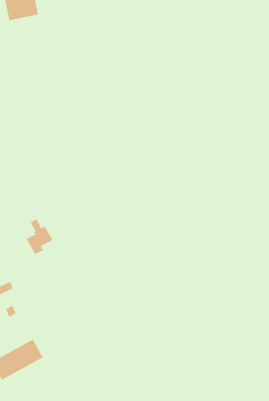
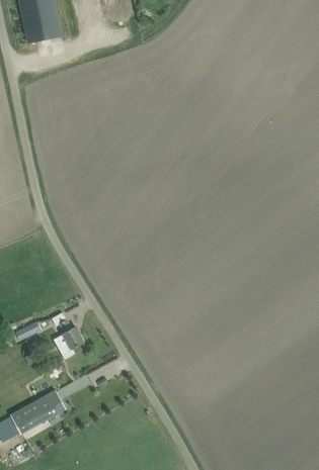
building: [26,219,53,255] -> [55,318,85,358]

